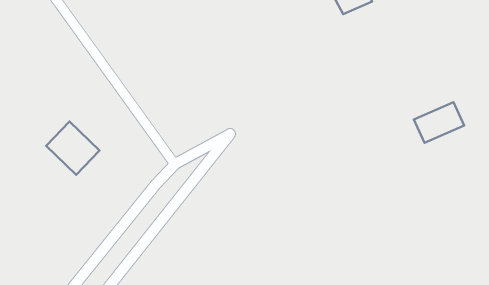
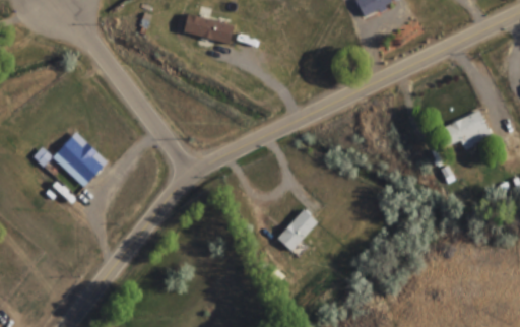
building: none -> [183,14,234,45]
building: none -> [276,208,319,251]

